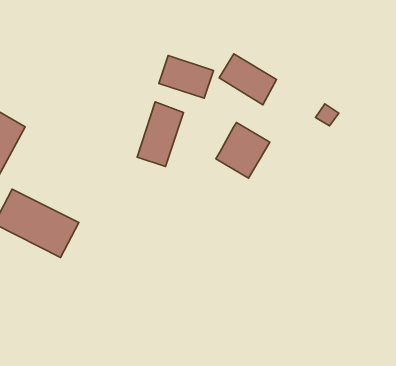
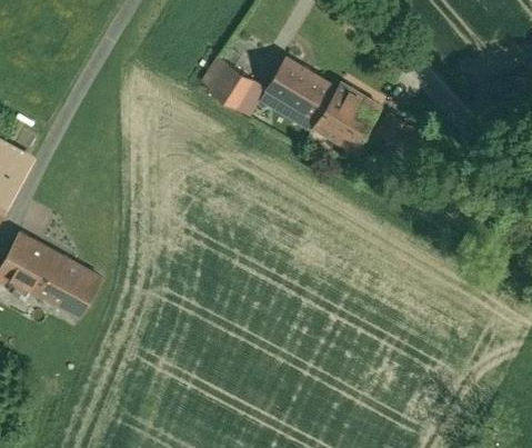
building: [137,102,184,167] -> none
building: [216,123,270,178] -> [313,92,378,159]

